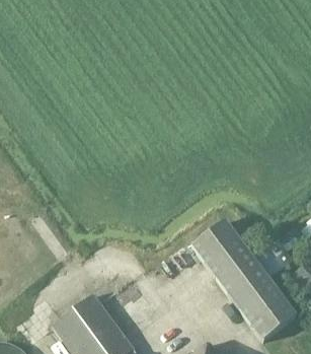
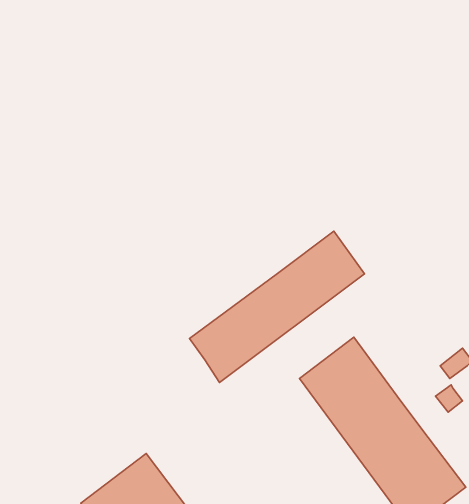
building: none -> [189,231,365,383]

